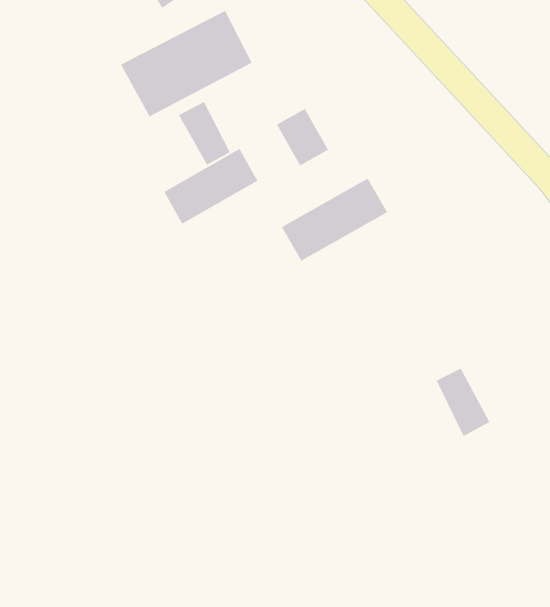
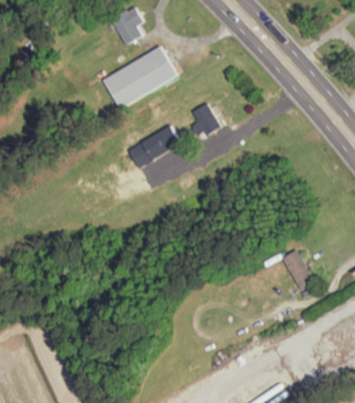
building: [178,101,231,165] -> none
building: [281,178,388,262] -> none

